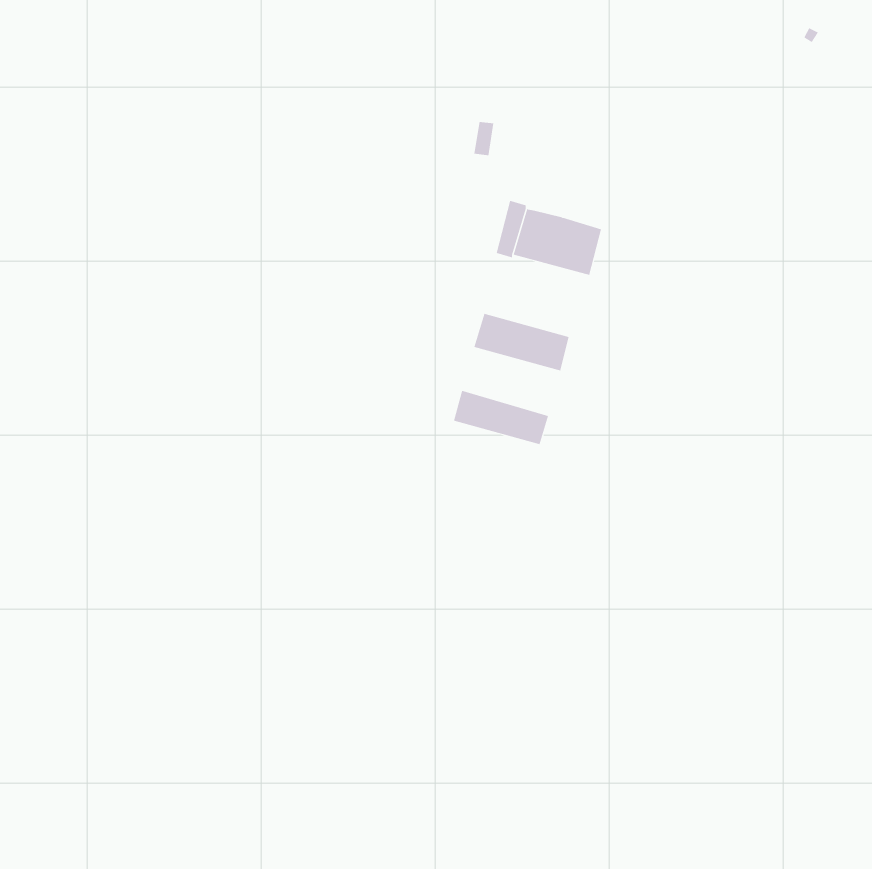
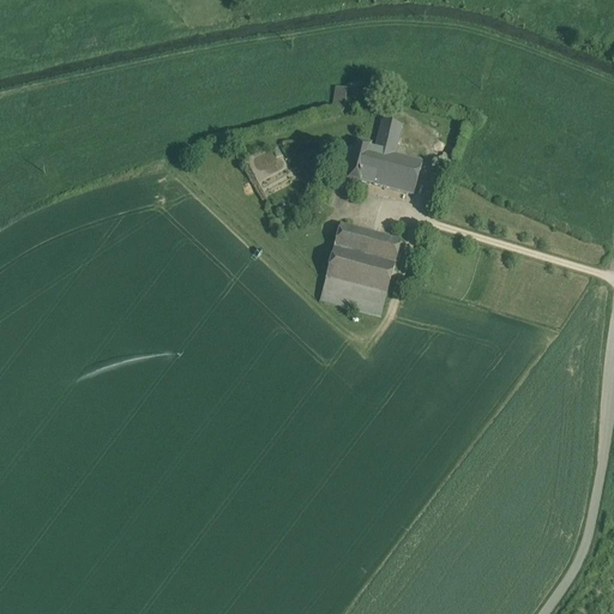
building: none -> [377,119,403,152]
building: none -> [325,243,395,291]

